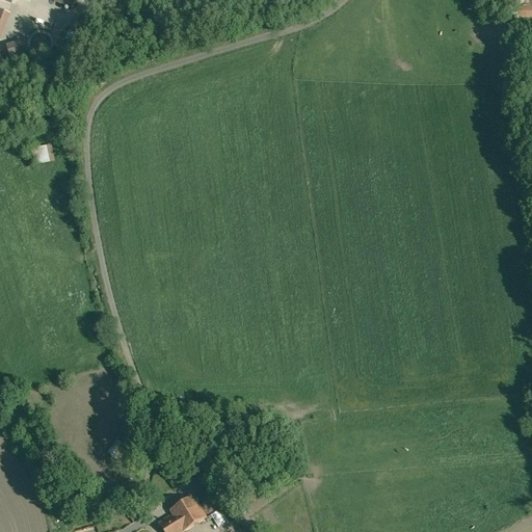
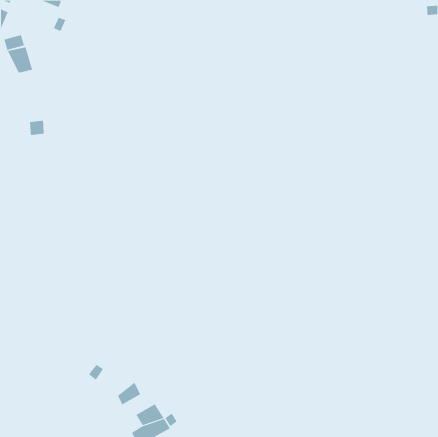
building: none -> [7,46,33,73]
building: none -> [117,382,141,405]

